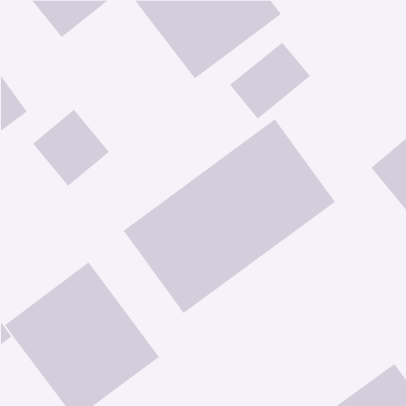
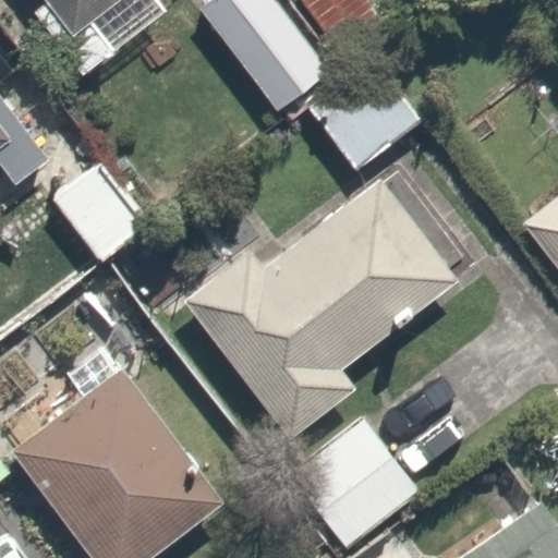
building: none -> [300,415,424,543]

